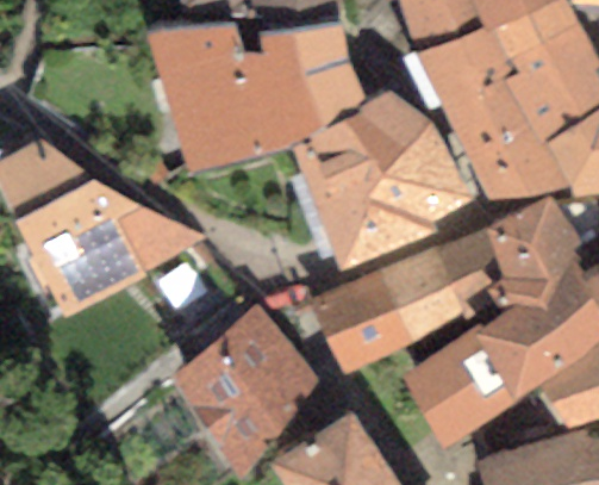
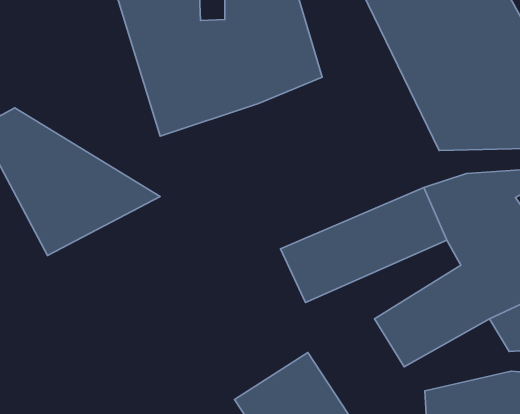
building: [299,97,469,257] -> none
building: [173,315,306,467] -> none

